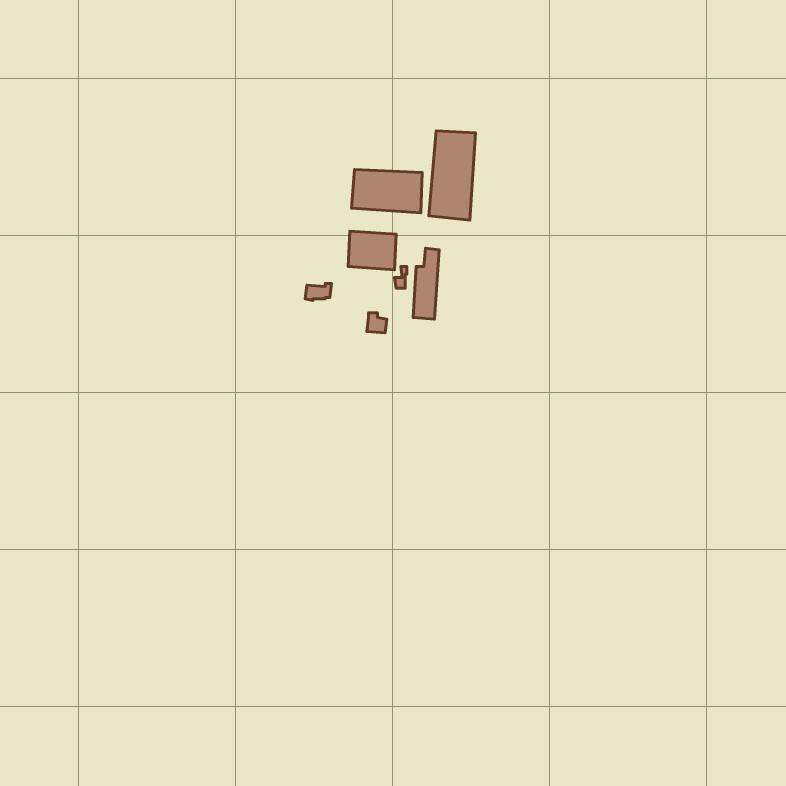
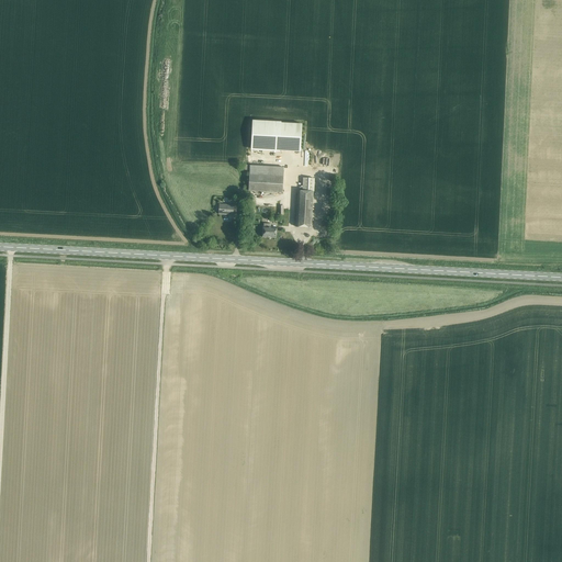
building: [429,131,476,220] -> none

